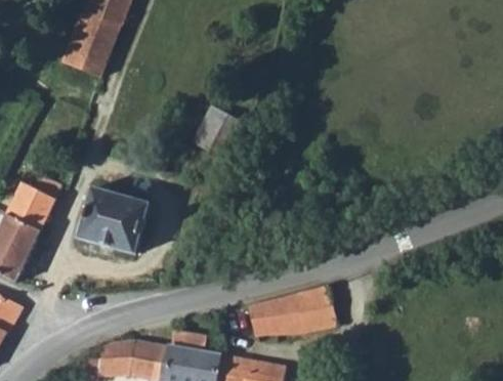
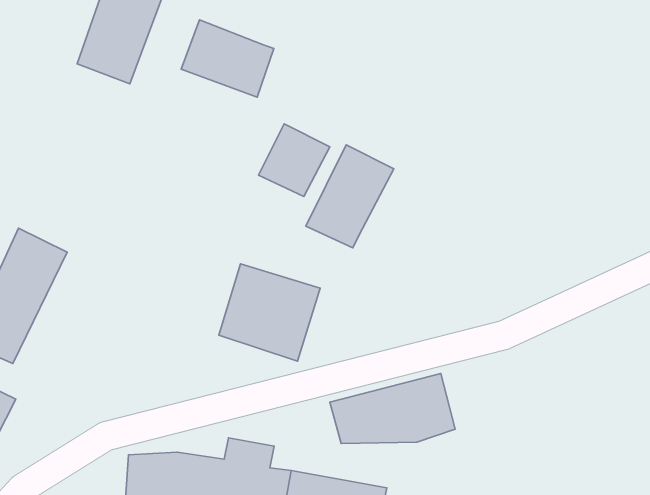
building: none -> [181,20,274,97]
building: none -> [306,145,394,248]
building: [78,187,151,257] -> [219,264,320,361]

